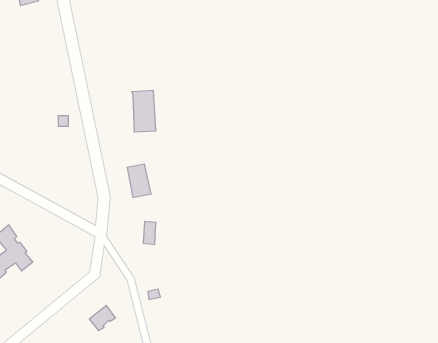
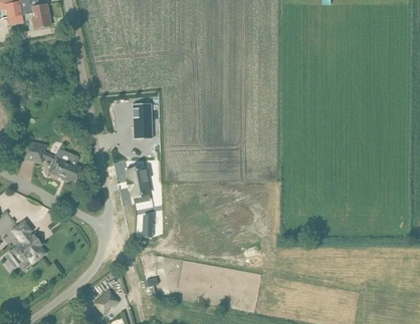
building: none -> [22,143,81,183]

